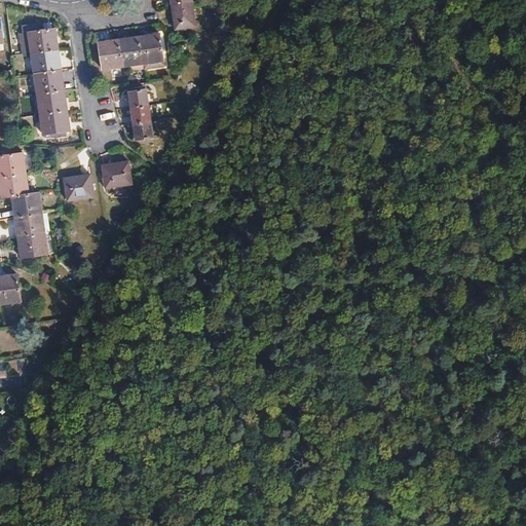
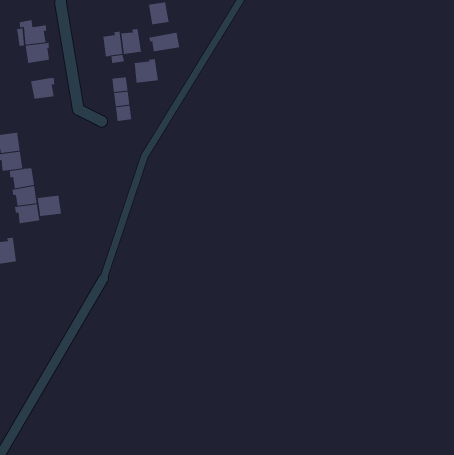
building: none -> [149,32,180,52]
building: [98,38,121,69] -> none
building: none -> [134,58,159,83]
building: [32,69,61,93] -> none
building: [39,110,67,135] -> none
building: [101,161,130,187] -> none
building: [63,175,91,199] -> [37,195,62,216]

